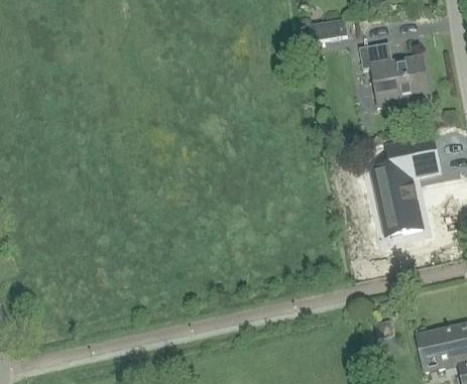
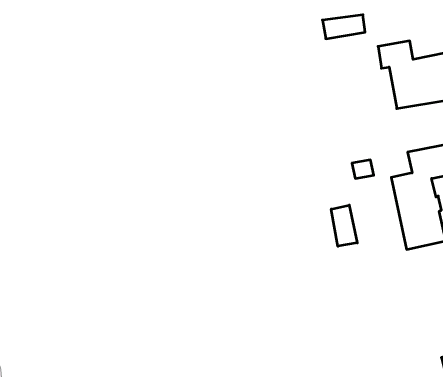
building: none -> [331,205,357,246]

